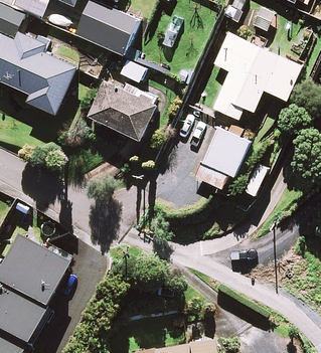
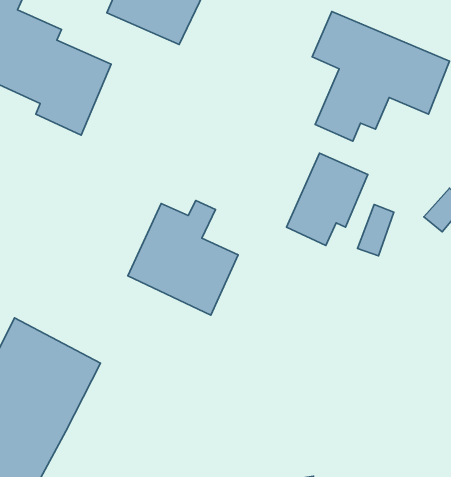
building: [88,63,161,140] -> [128,200,238,315]

